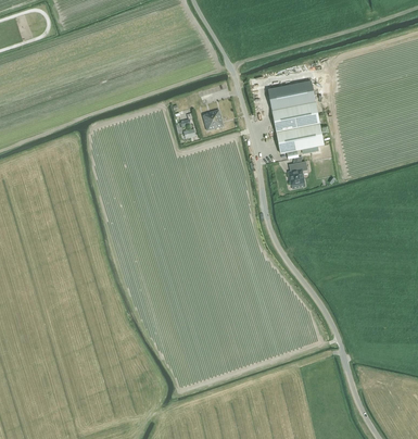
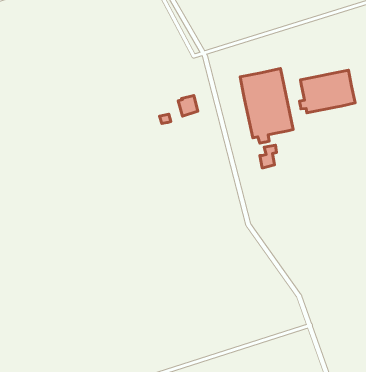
building: none -> [300,70,355,113]

